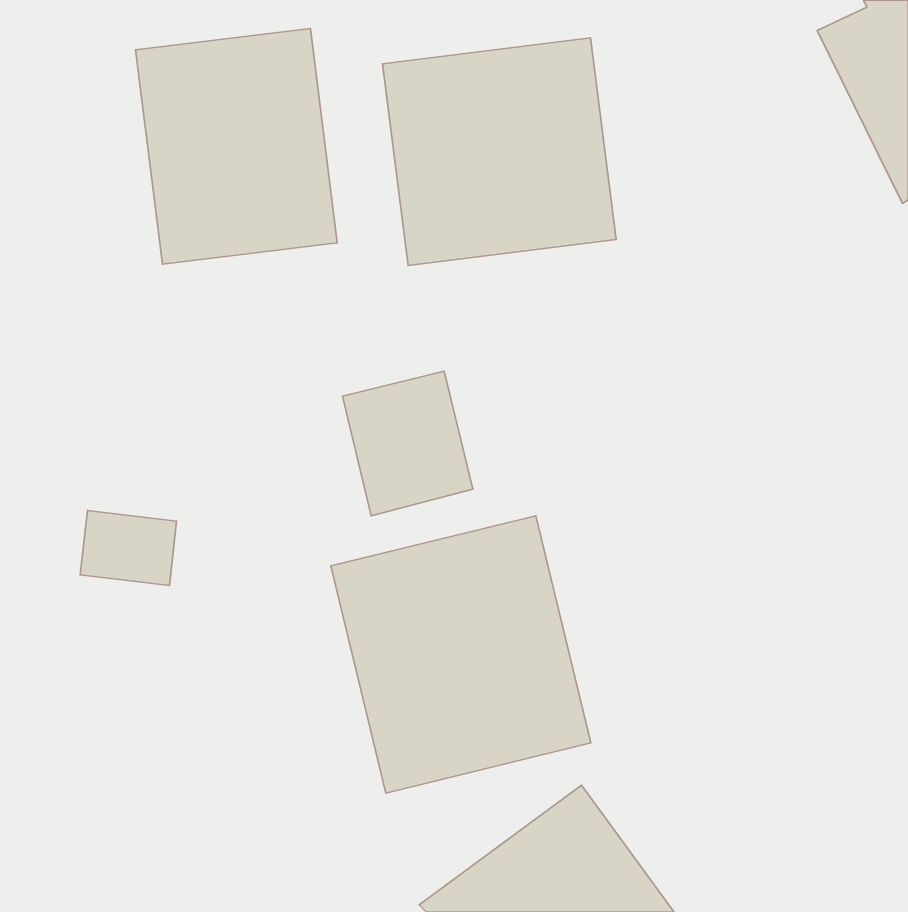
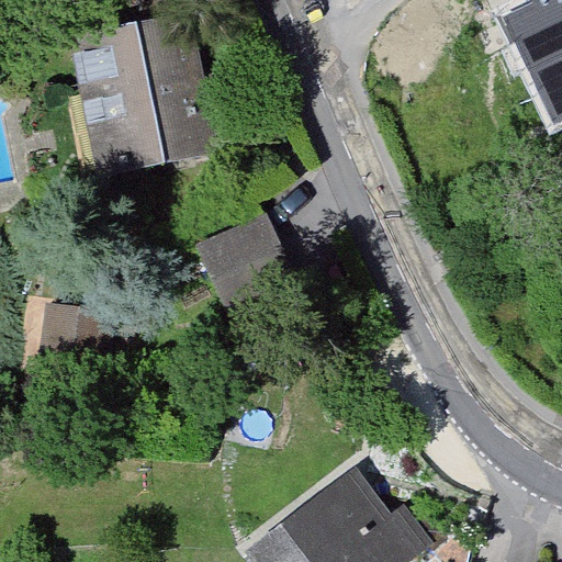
building: [382,38,616,266] -> none
building: [331,516,591,793] -> none

